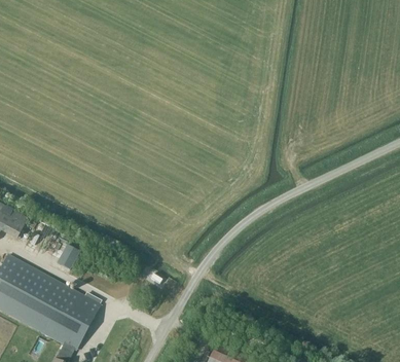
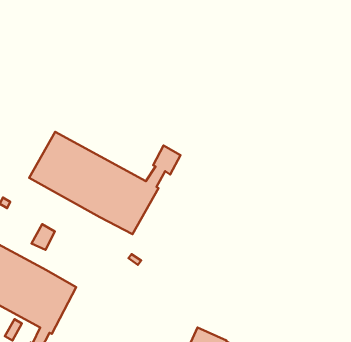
building: none -> [29,132,181,234]

